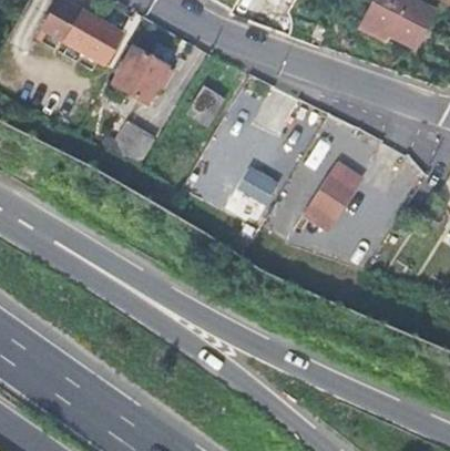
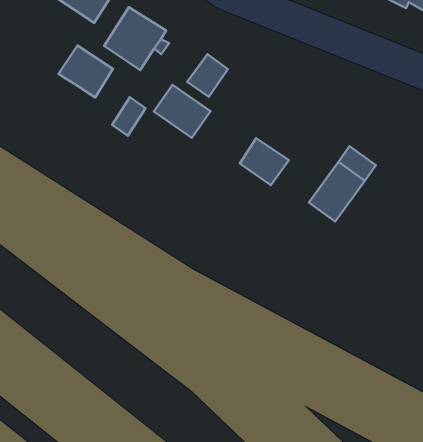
building: none -> [58,46,113,97]
building: none -> [154,85,211,138]

